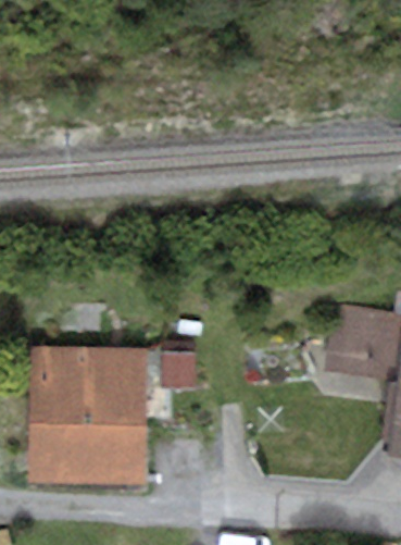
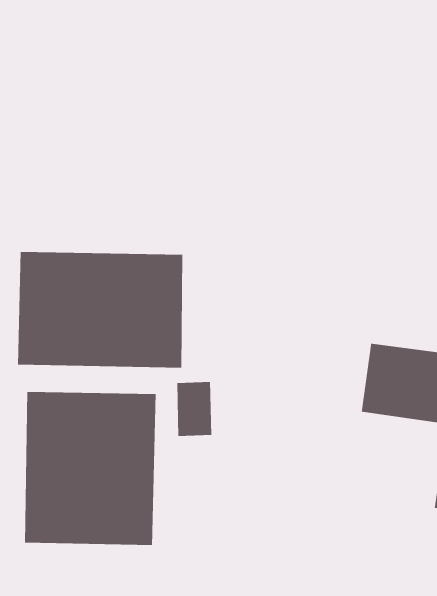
building: none -> [17,251,183,368]

